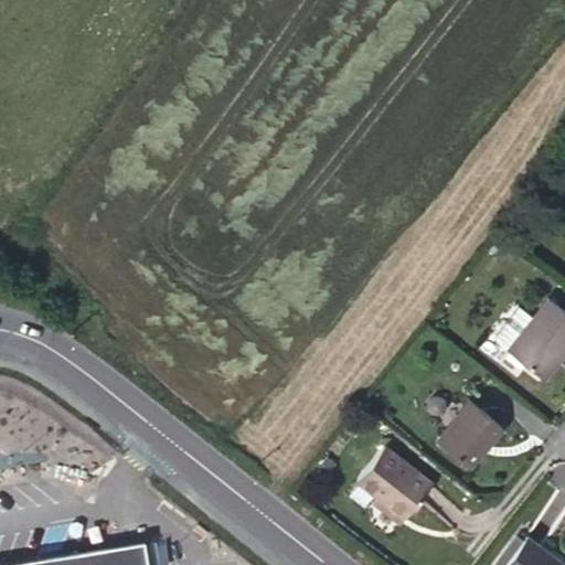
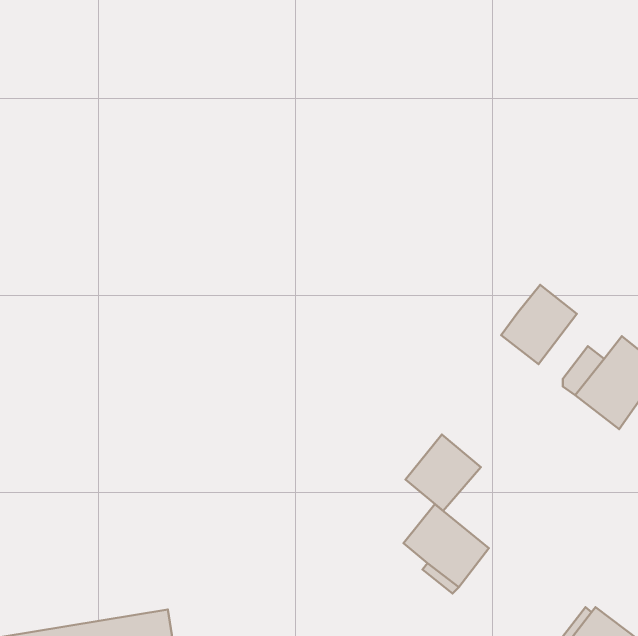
building: none -> [501,285,577,364]
building: [439,403,505,470] -> [406,434,481,511]

